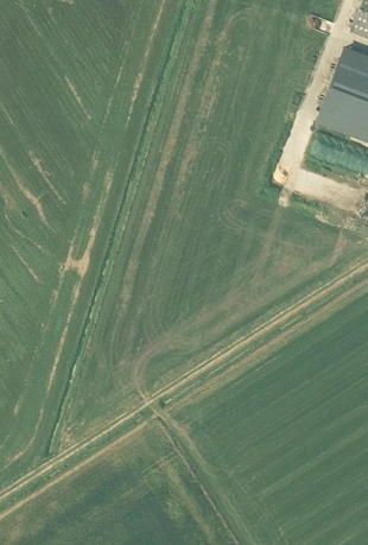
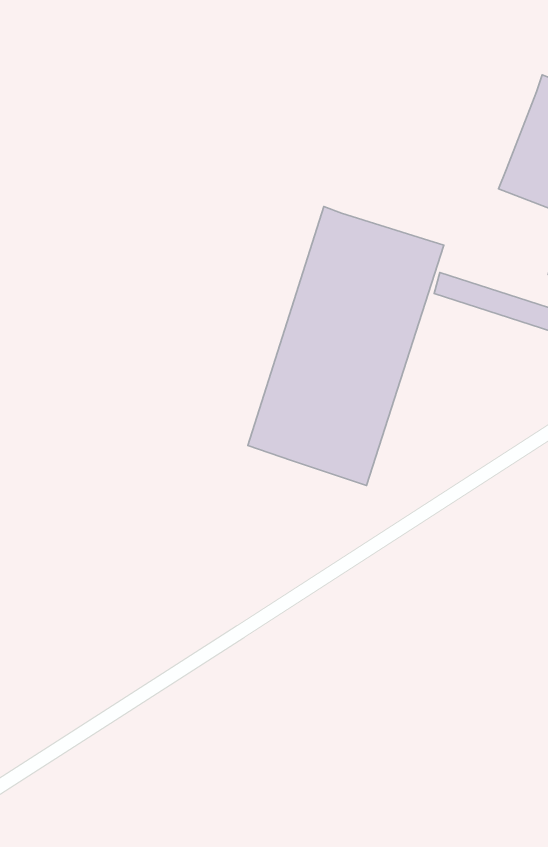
building: none -> [248,207,444,486]

